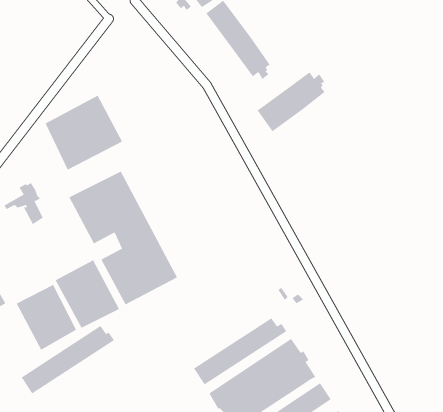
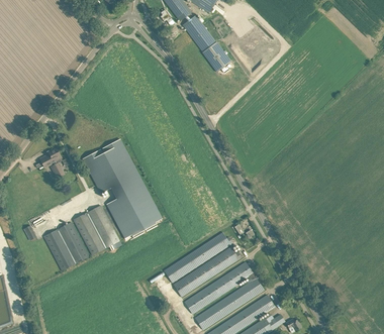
building: [257,72,325,132] -> none
building: [45,95,123,171] -> none
building: [21,325,115,394] -> [163,232,231,283]

